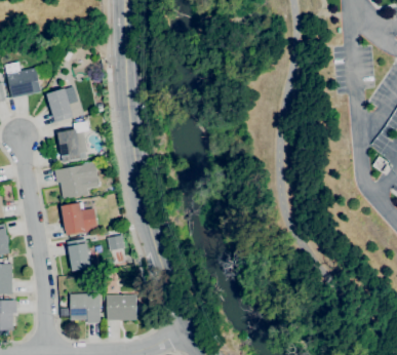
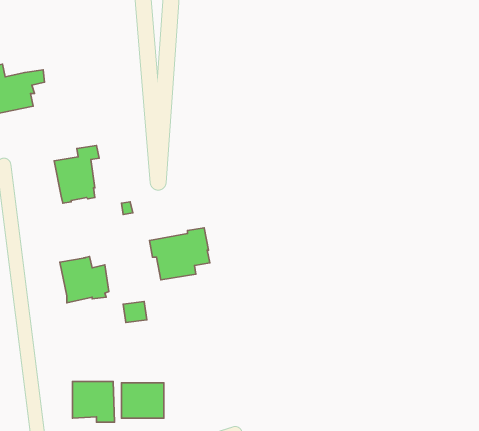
building: [46,86,78,122] -> none
building: [54,161,98,199] -> [150,228,210,280]
building: [67,238,90,272] -> none

